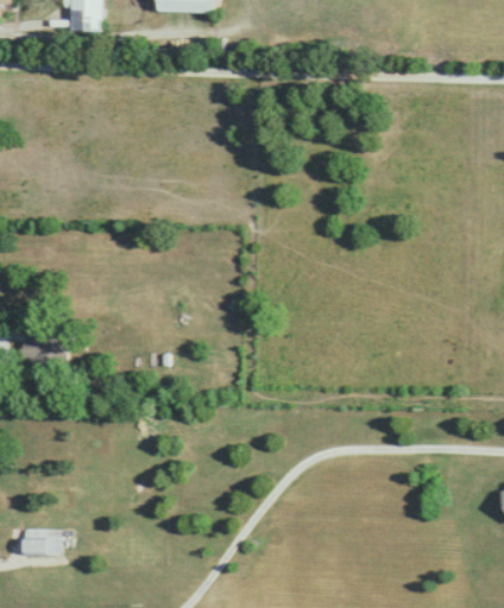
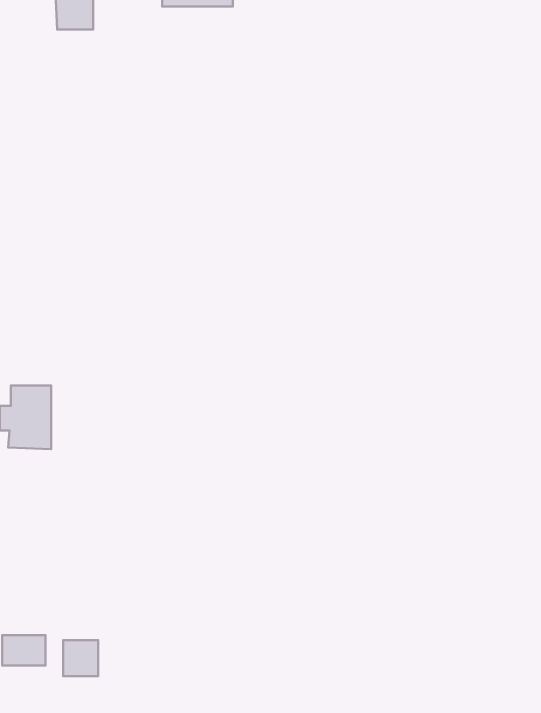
building: none -> [63,640,98,676]

